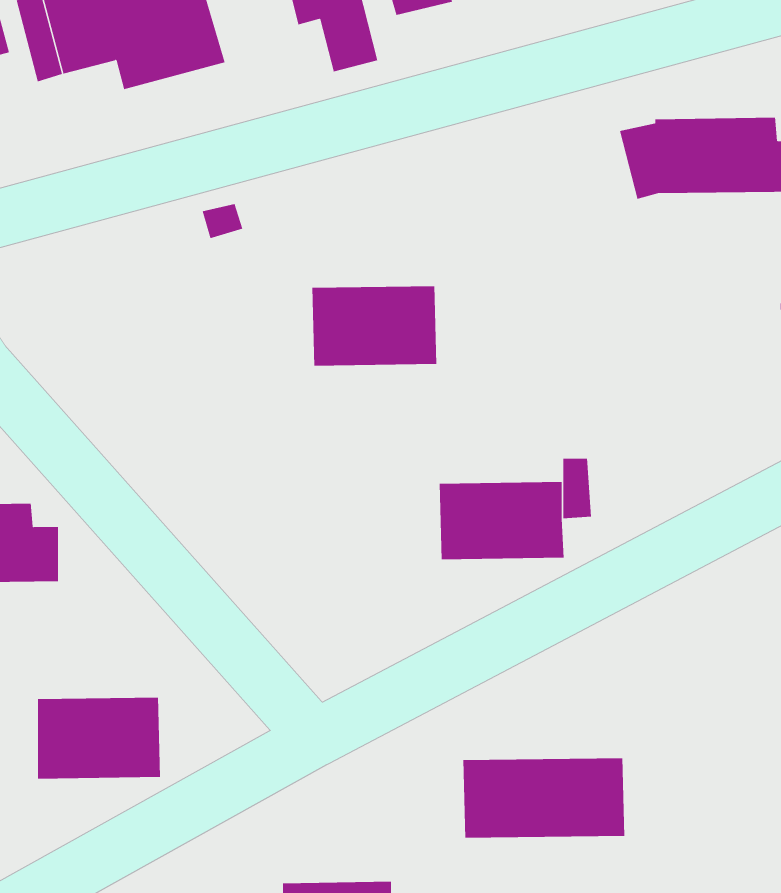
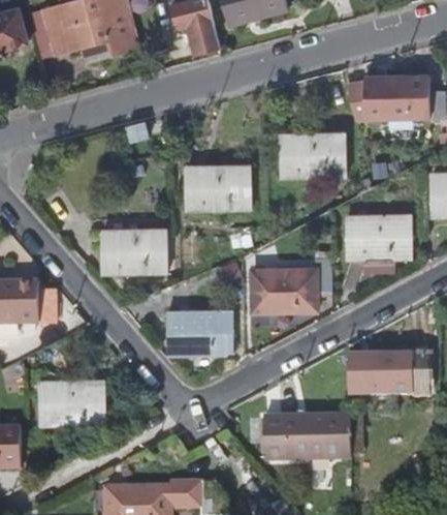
building: none -> [280,133,346,176]
building: none -> [347,215,412,258]
building: none -> [102,230,167,272]
building: none -> [167,311,232,354]
building: none -> [349,352,426,394]

